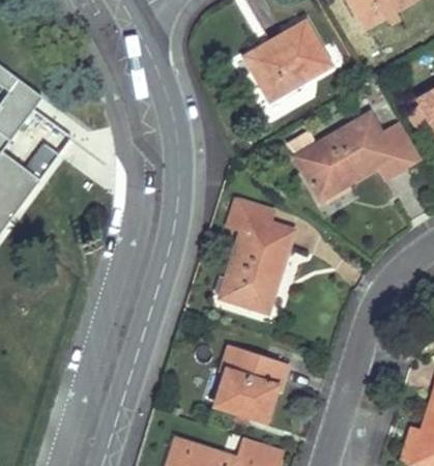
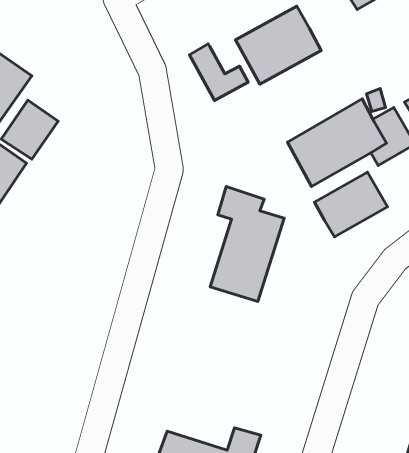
building: none -> [189,44,248,101]
building: none -> [315,172,387,237]
building: [214,346,287,423] -> none

